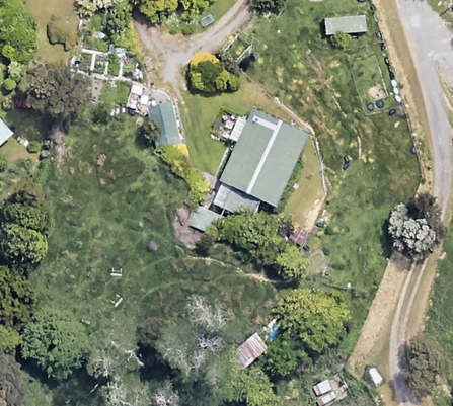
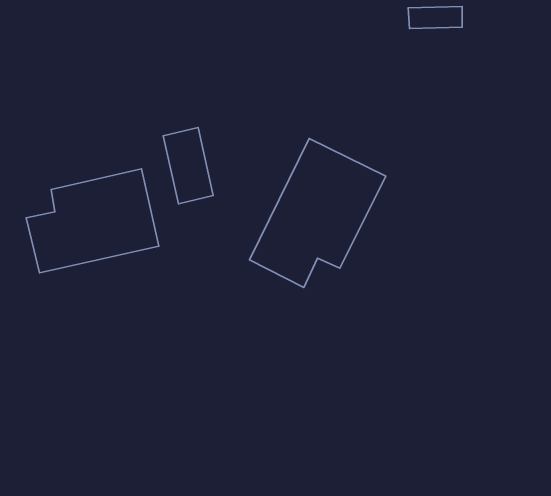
building: none -> [26,169,159,273]

